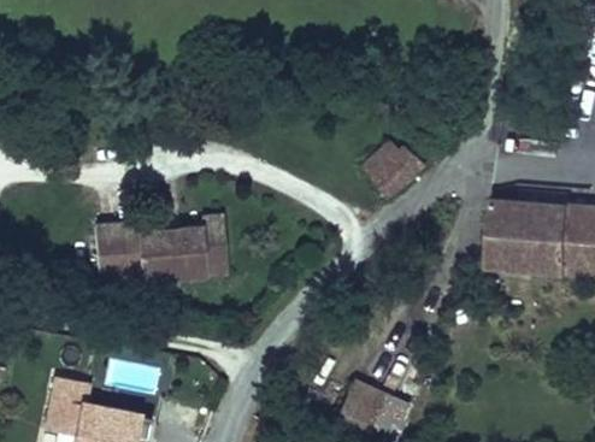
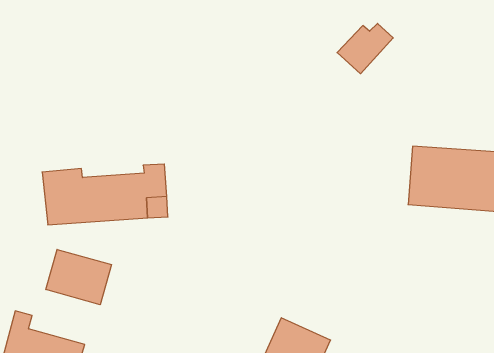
building: [363,140,423,194] -> [337,23,393,74]
building: none -> [46,249,111,305]

